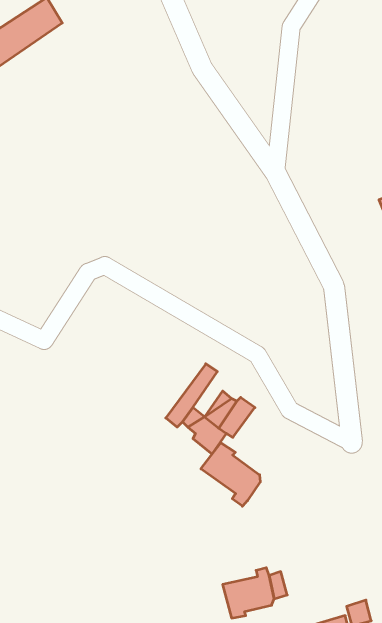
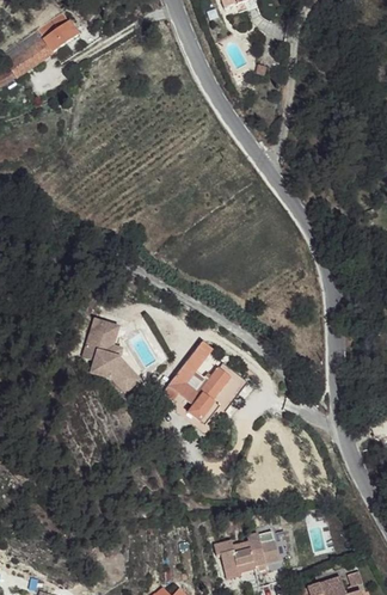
building: none -> [81,315,141,393]
building: [201,443,260,506] -> none

